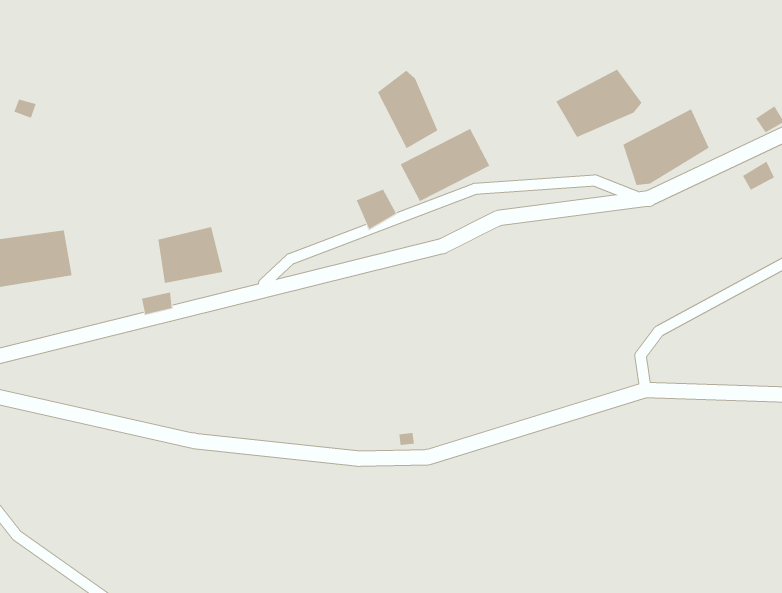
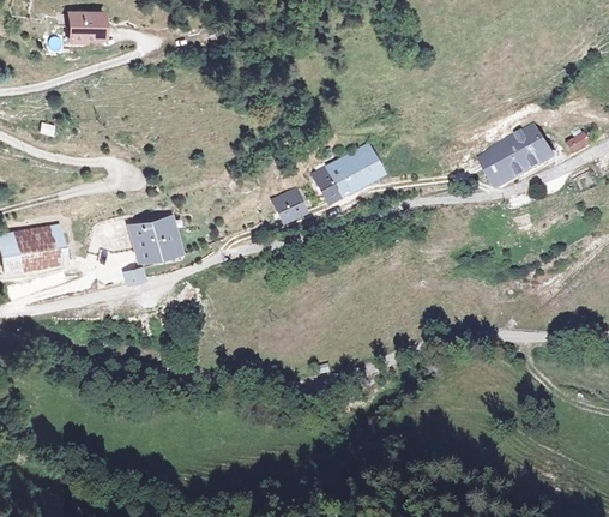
building: [555,69,642,138] -> none
building: [377,70,438,149] -> none

